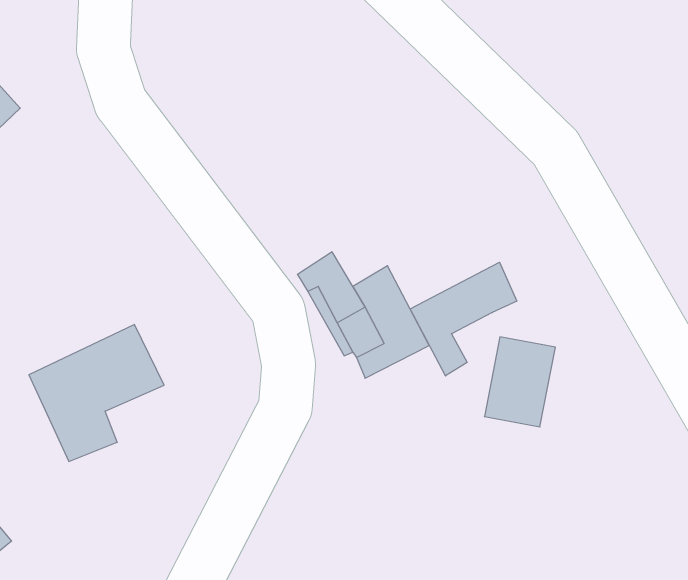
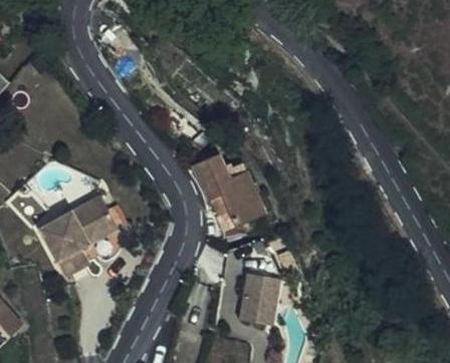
building: [410,262,517,376] -> none
building: [484,337,555,427] -> [238,277,279,329]

